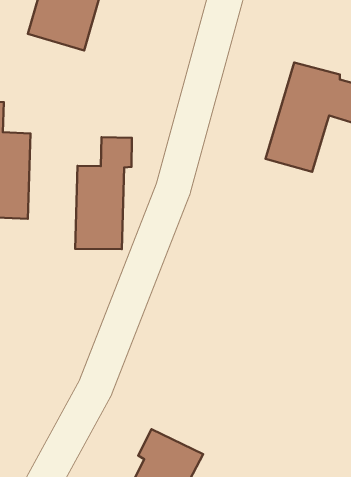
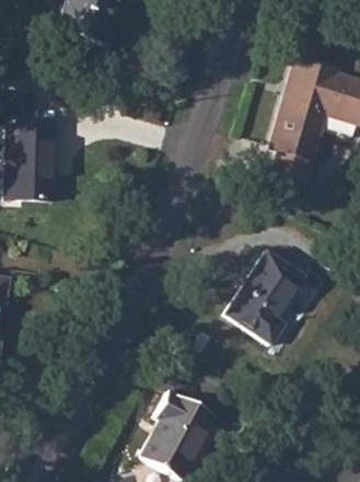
building: [75,137,132,249] -> none
building: none -> [227,252,303,342]

